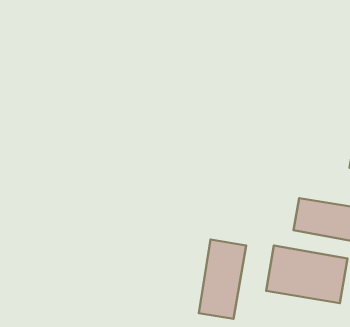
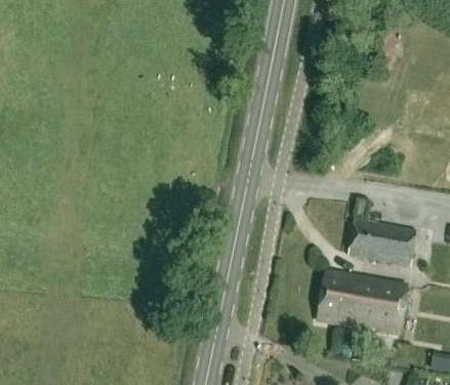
building: [199,239,246,319] -> none

